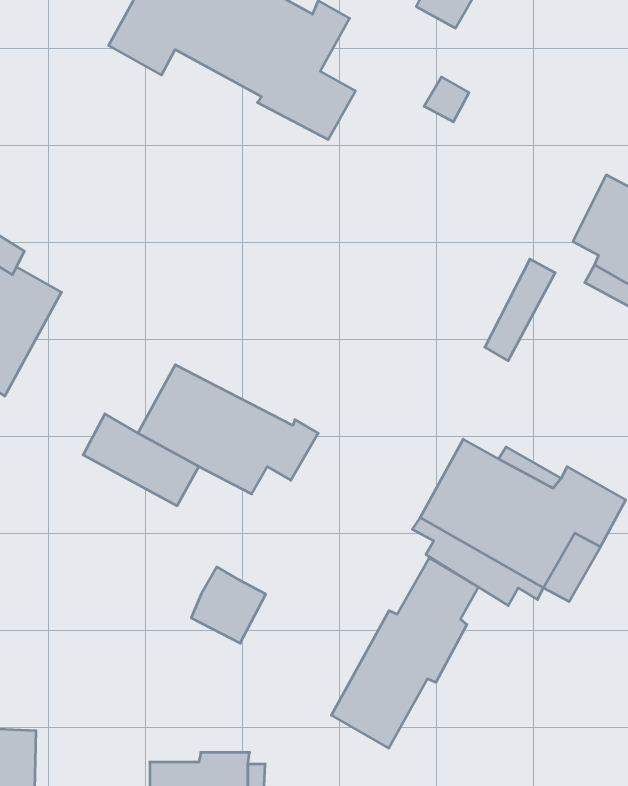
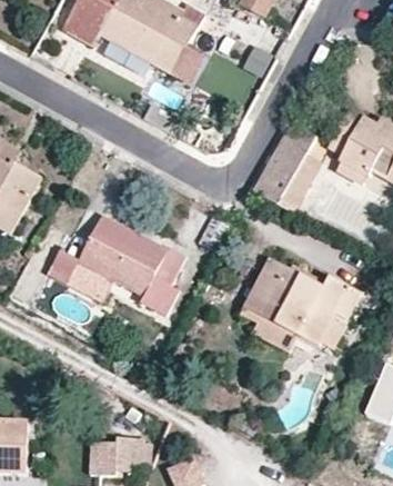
building: none -> [253,120,314,204]
building: [331,558,478,748] -> none
building: [191,567,266,643] -> [141,271,183,315]

